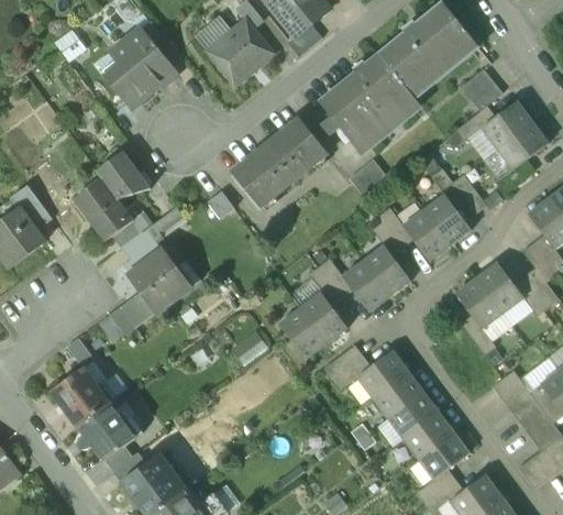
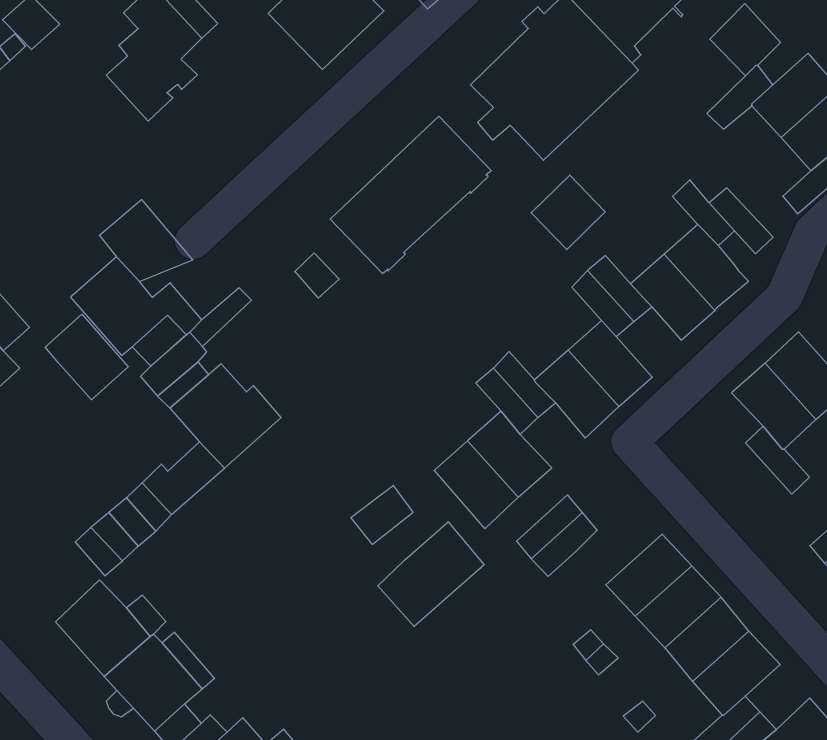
building: none -> [45,314,128,400]
building: [356,349,407,397] -> none
building: none -> [378,522,484,627]

